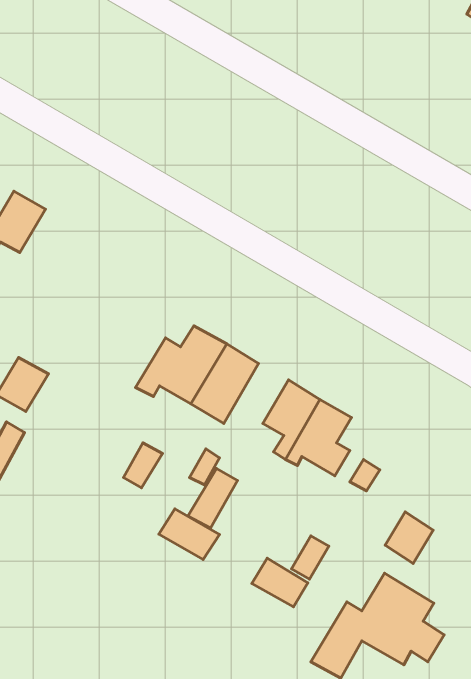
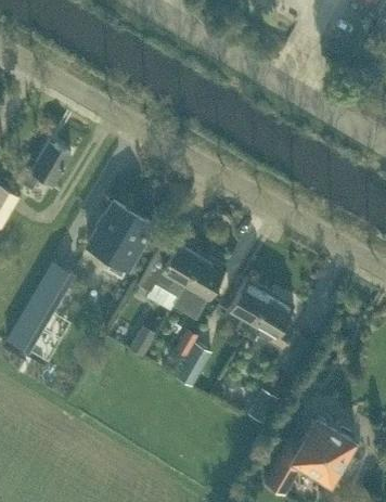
building: none -> [88,203,152,278]
building: [159,509,219,560] -> none
building: [385,512,433,564] -> none
building: [252,558,308,607] -> none

